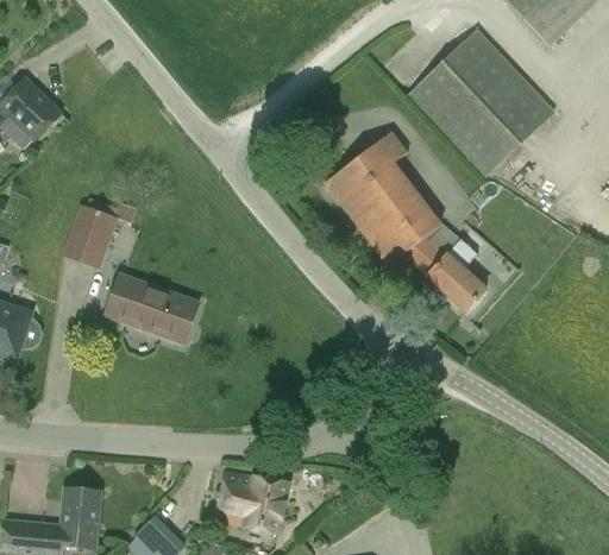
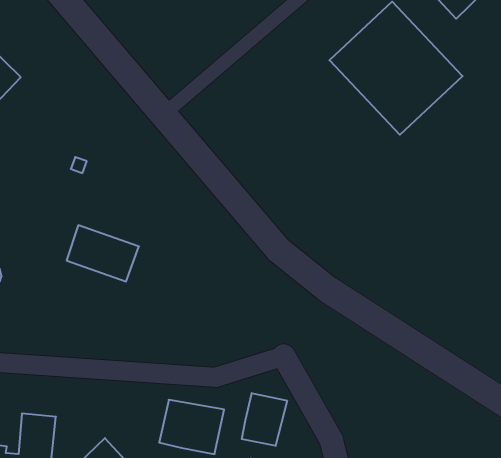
building: [324,130,486,310] -> none
building: [62,202,117,265] -> none
building: none -> [242,393,287,446]

